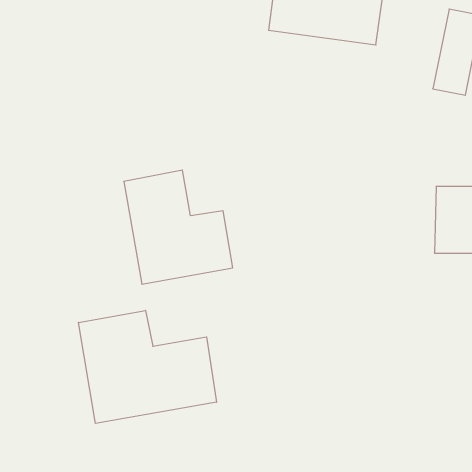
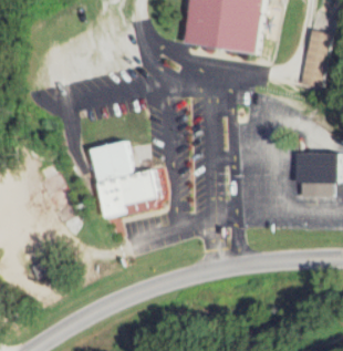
building: [78,310,217,423] -> none

